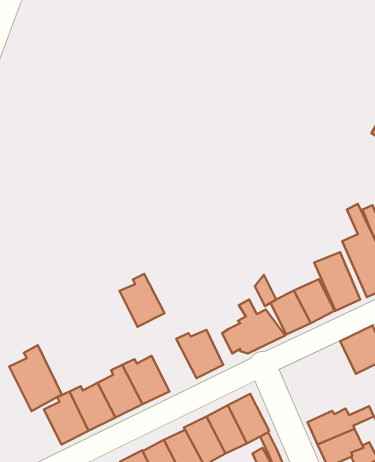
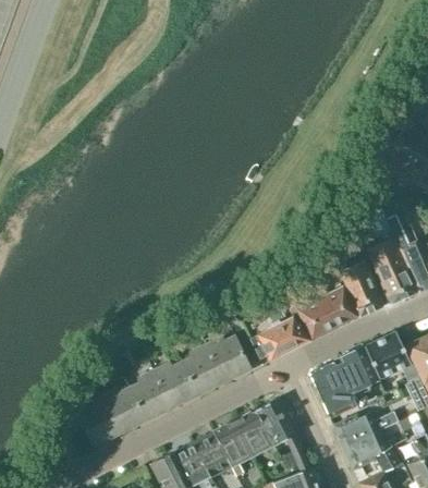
building: [119,274,164,327] -> [182,344,225,395]
building: none -> [309,346,379,417]
building: [9,345,62,411] -> none

